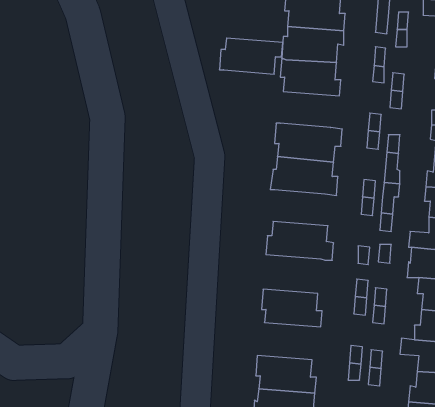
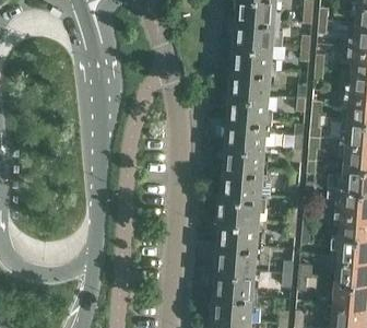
building: [219,38,283,74] -> [226,71,274,98]
building: none -> [221,145,267,173]
building: none -> [216,195,263,224]
building: none -> [212,246,260,274]

